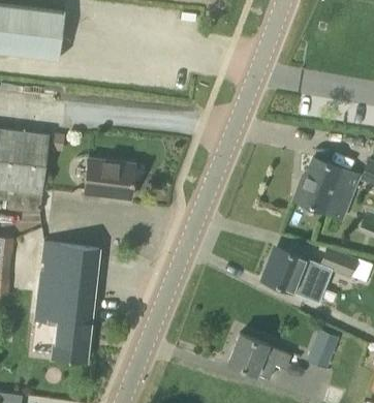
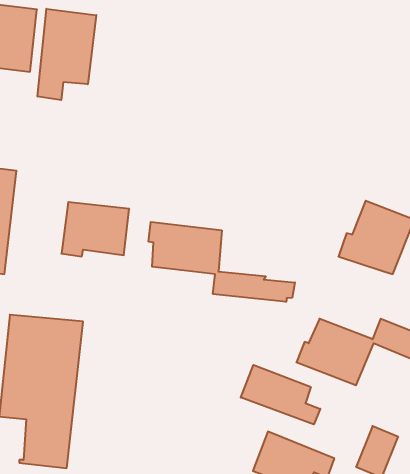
building: none -> [38,9,96,100]
building: none -> [149,222,295,302]
building: none -> [241,365,320,424]

